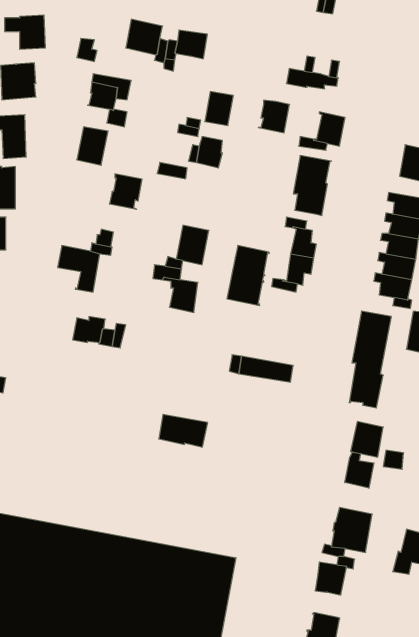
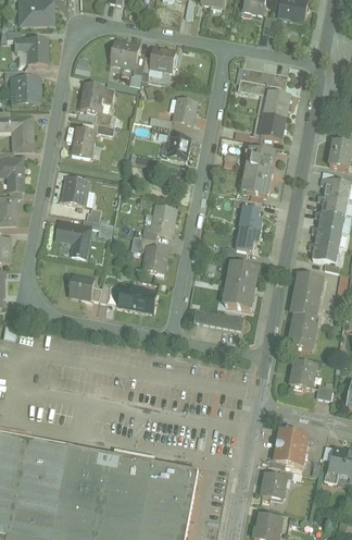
building: [258,100,290,133] -> [264,91,289,118]
building: [109,174,142,209] -> [62,176,88,205]
building: [227,245,269,306] -> [224,261,257,309]
building: [159,414,208,447] -> [117,285,156,311]
building: [345,452,374,488] -> none

